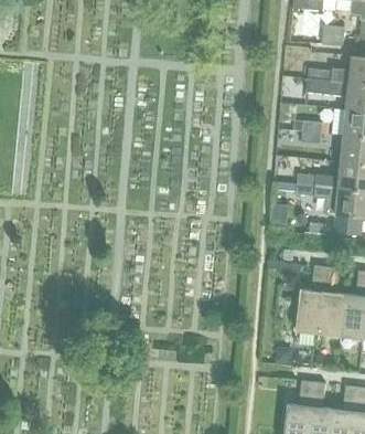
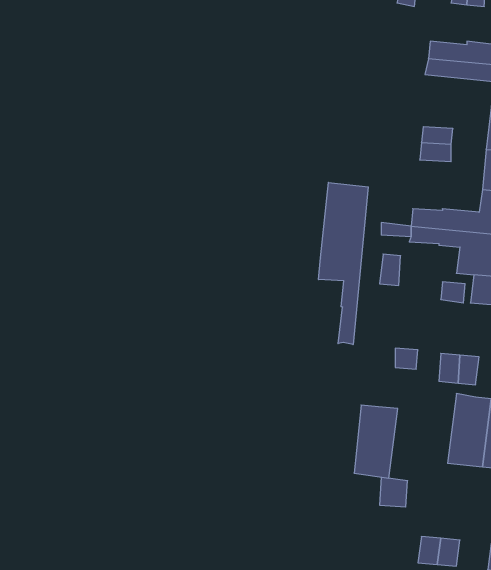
building: none -> [319,182,368,345]
building: [297,288,324,335] -> [354,405,398,478]

